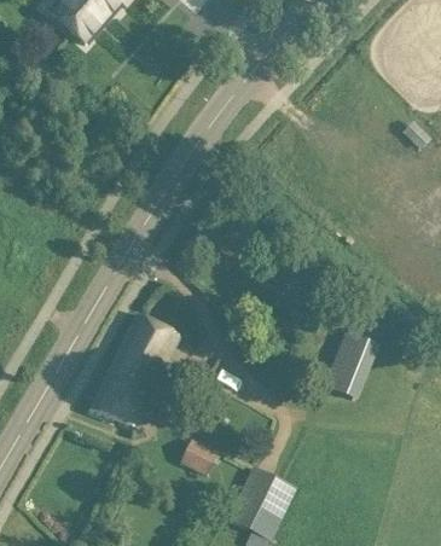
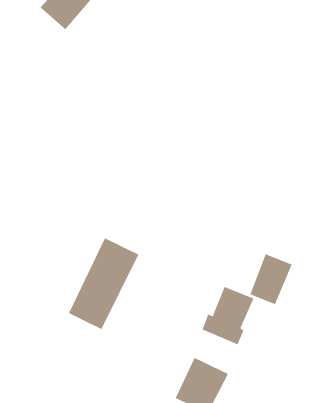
building: none -> [202,286,254,345]
building: [179,438,216,474] -> none

